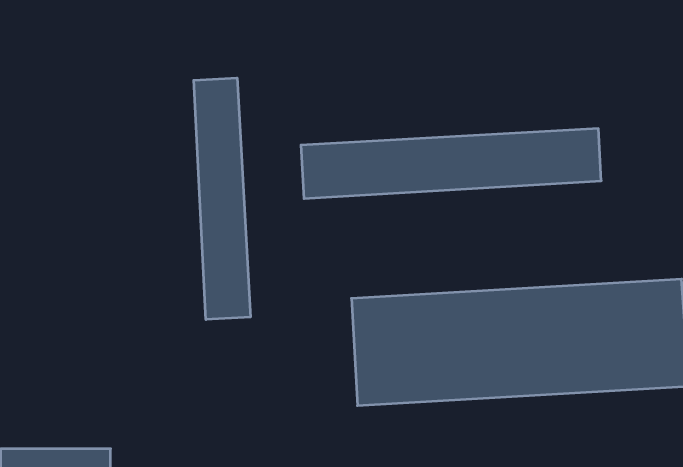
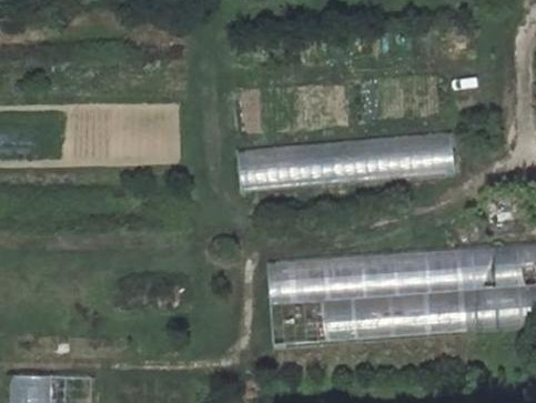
building: [194,78,250,320] -> none

